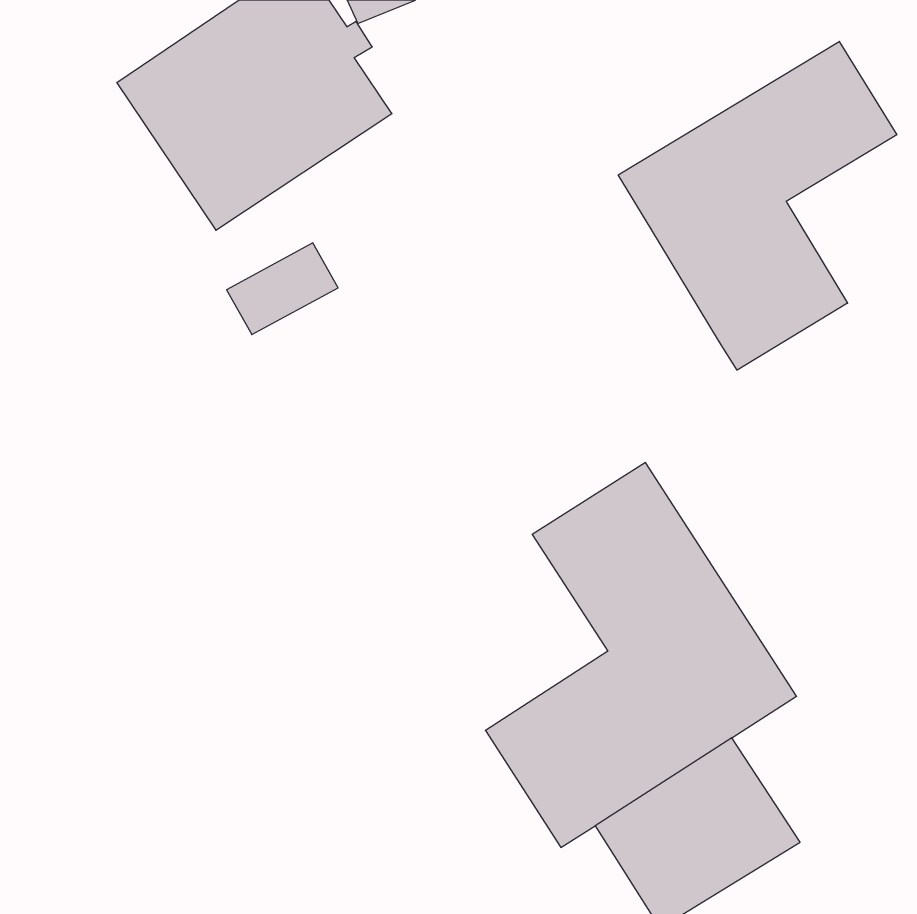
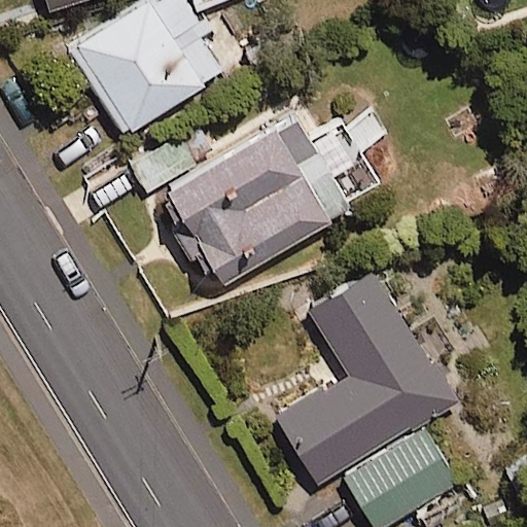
building: [618,41,897,370] -> none
building: none -> [159,111,384,289]

